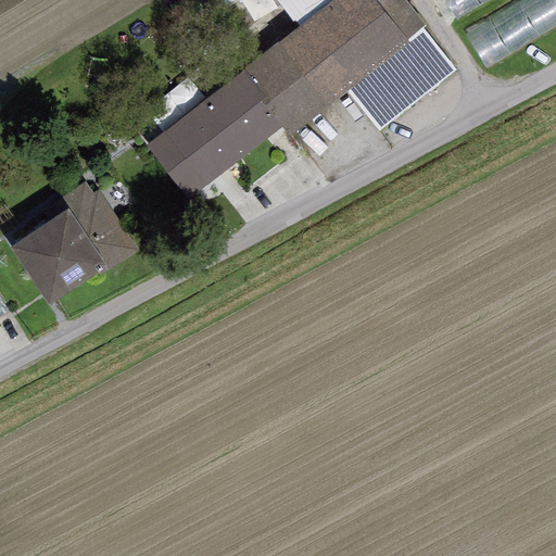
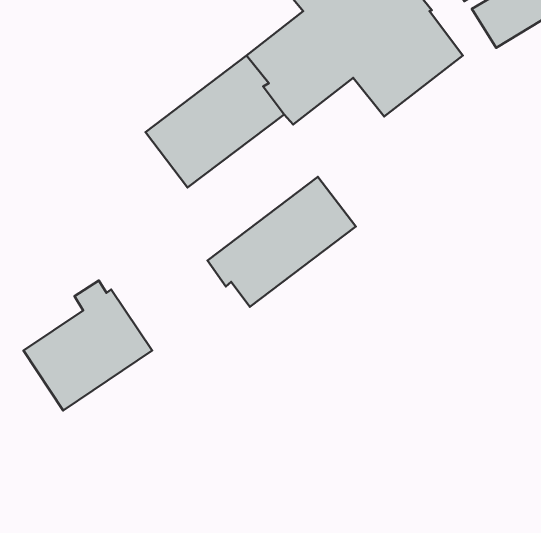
building: [11,178,137,305] -> [23,281,152,410]
building: none -> [207,177,356,307]

